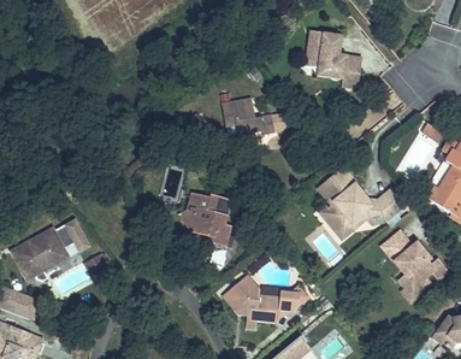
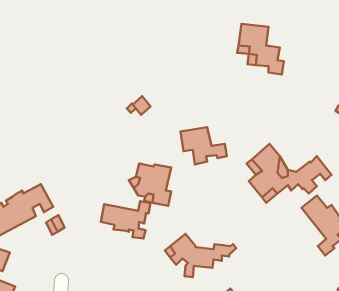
building: [219,98,273,141] -> [180,127,227,164]
building: none -> [101,201,150,238]

